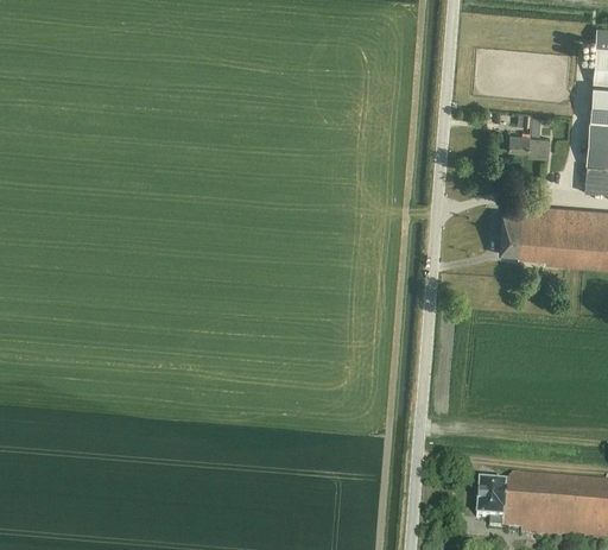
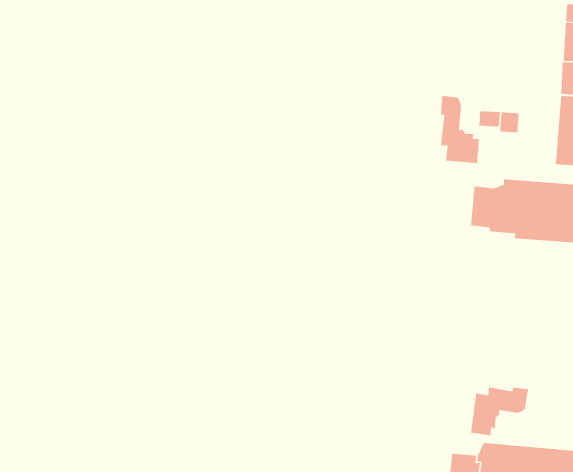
building: none -> [441,95,480,164]
building: none -> [471,387,529,436]

